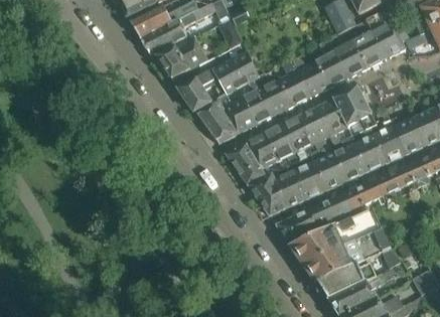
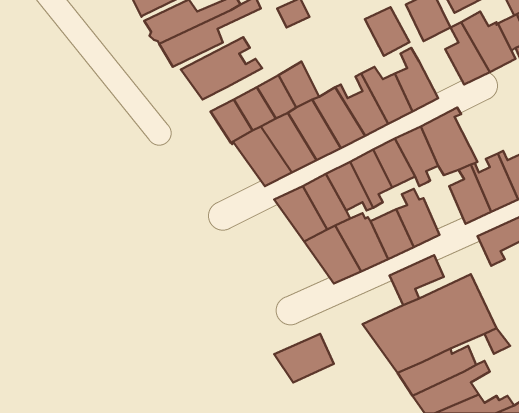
building: [333,41,366,77] -> [365,7,409,56]
building: [336,135,368,179] -> none
building: [344,180,387,210] -> none
building: [277,209,321,246] -> [274,334,334,383]

